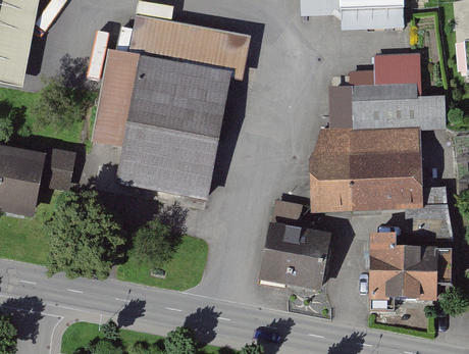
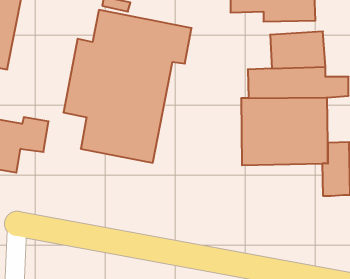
building: [259,199,330,290] -> none
building: [368,231,440,302] -> none

